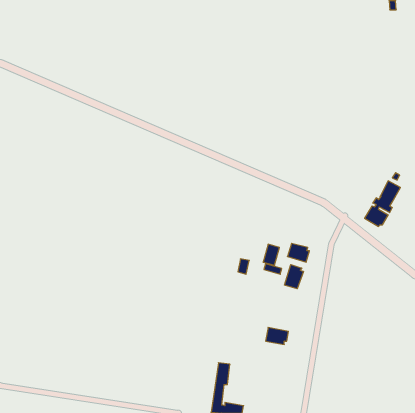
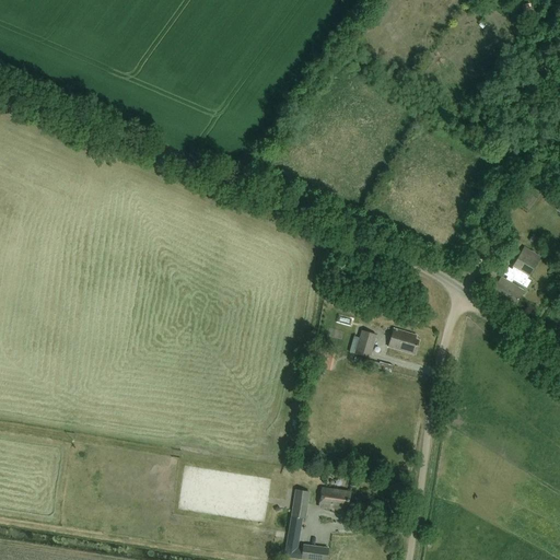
building: [284,265,303,289] -> none
building: [266,327,288,344] -> [318,486,349,509]

